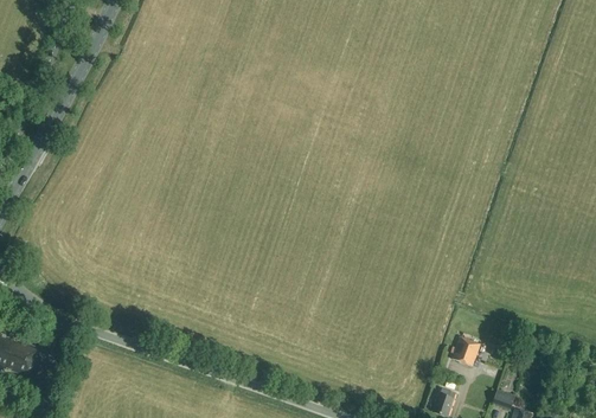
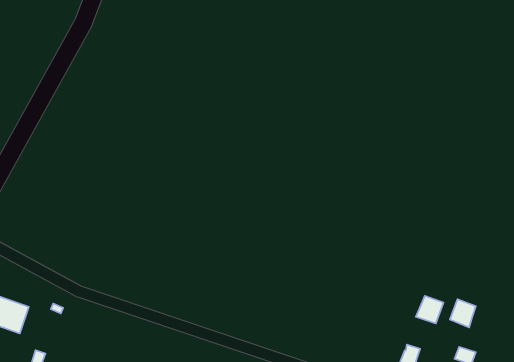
building: none -> [450,299,476,327]

